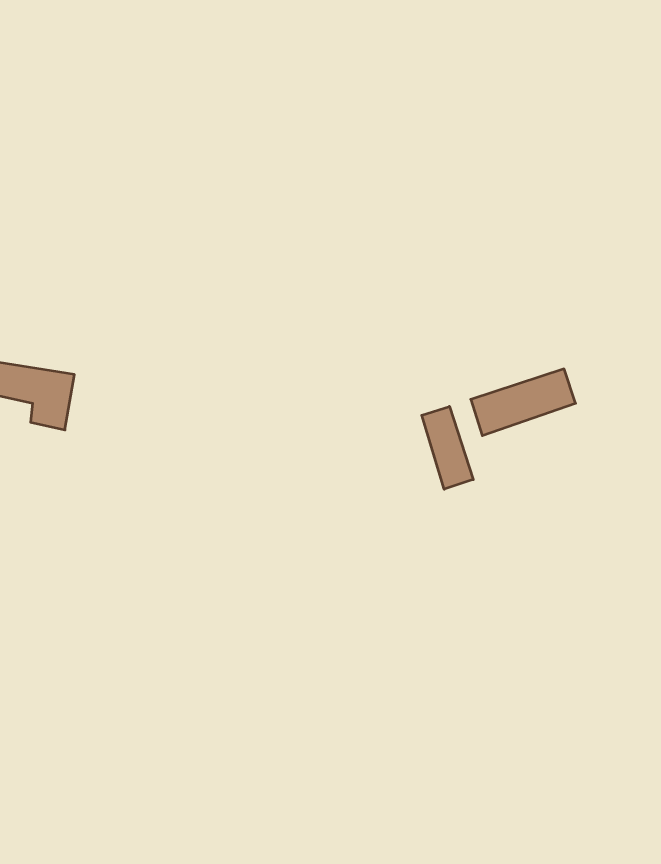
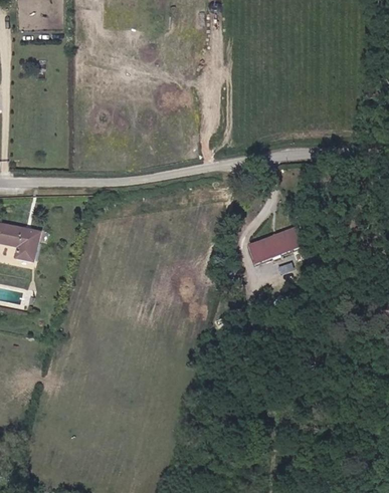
building: [422,406,473,489] -> none

